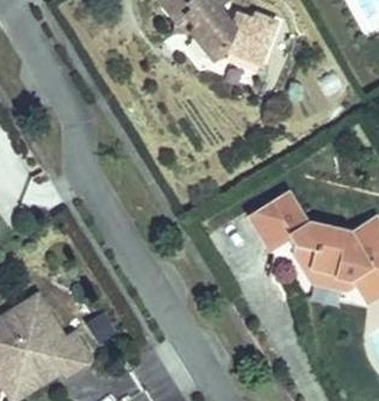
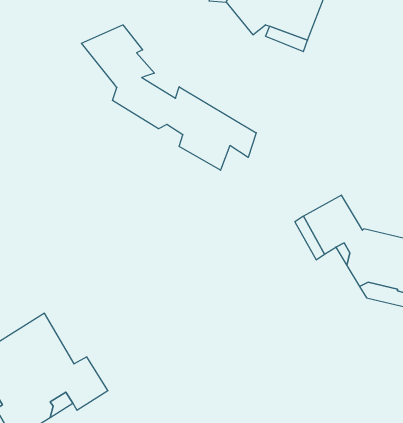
building: none -> [81,25,256,170]

